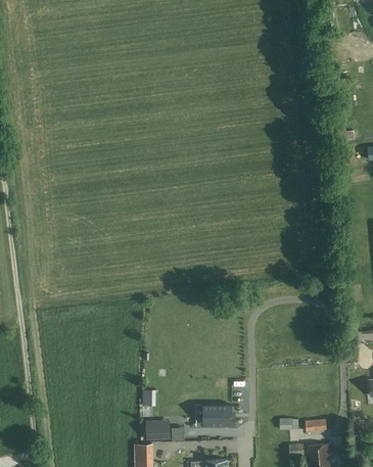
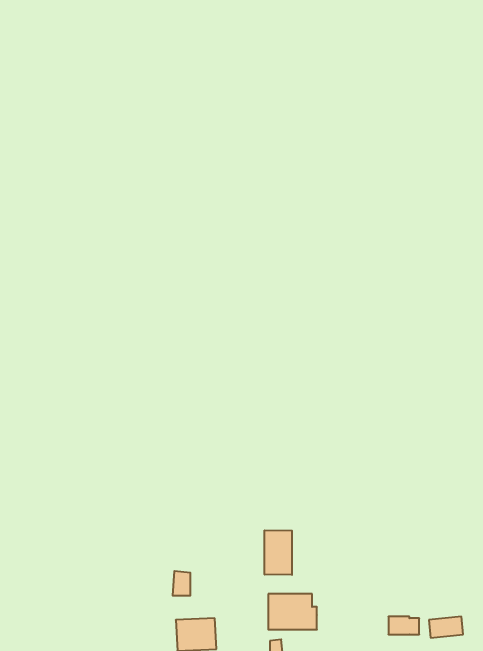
building: none -> [265,530,292,575]

